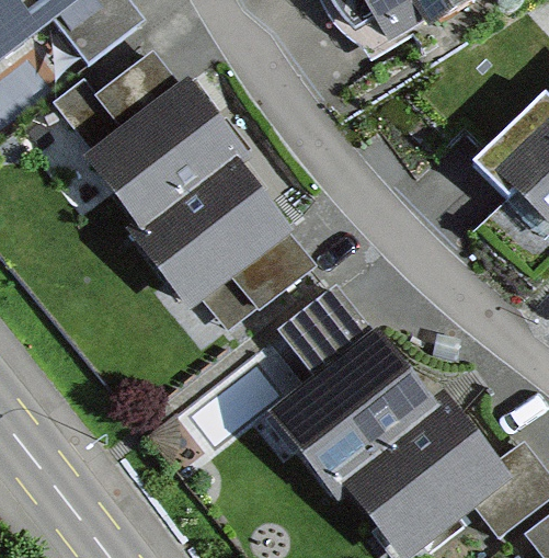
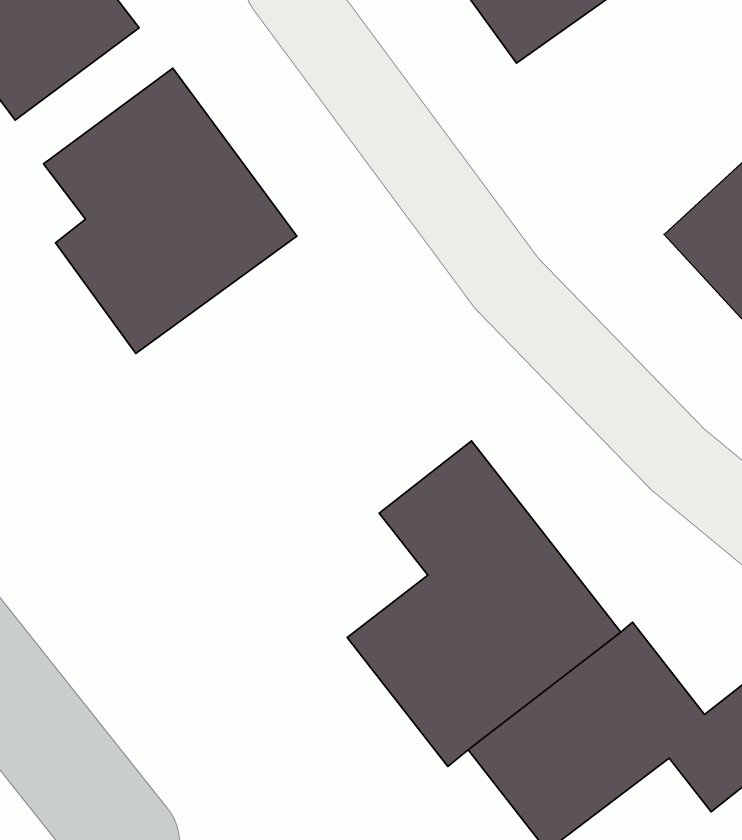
building: [133,156,318,324] -> none

